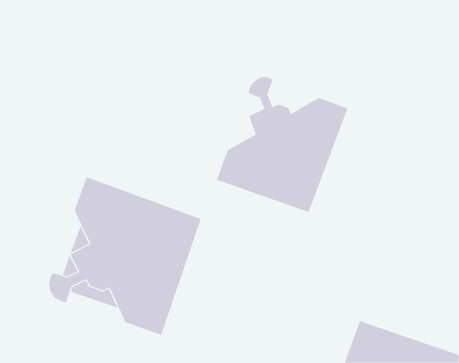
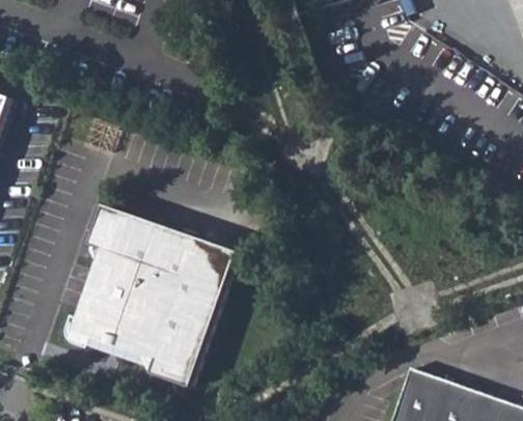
building: [216,76,348,213] -> none

